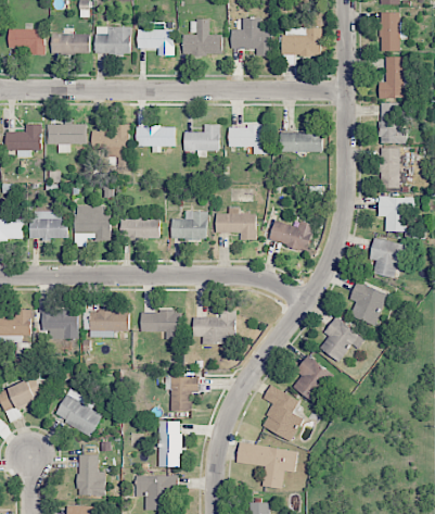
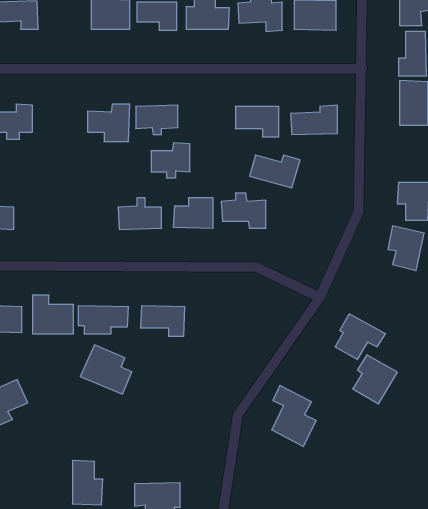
building: [51,34,89,53] -> none
building: [47,122,87,153] -> none
building: [183,124,219,156] -> [151,143,190,178]
building: [380,148,399,188] -> none
building: [74,205,111,247] -> none
building: [29,211,65,238] -> none
building: [268,221,315,251] -> [250,155,300,188]
building: [349,280,388,325] -> none
building: [192,310,235,343] -> none
building: [292,356,333,402] -> [353,355,397,404]
building: [164,376,199,411] -> none
building: [54,389,102,435] -> [80,345,132,394]
building: [157,421,180,467] -> none
building: [236,442,297,489] -> none

